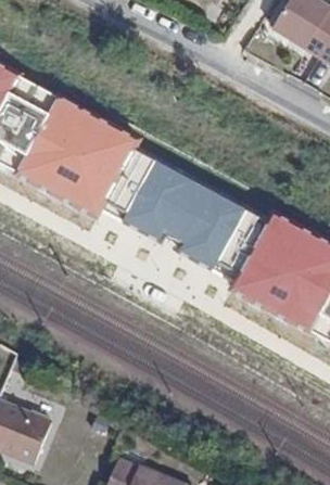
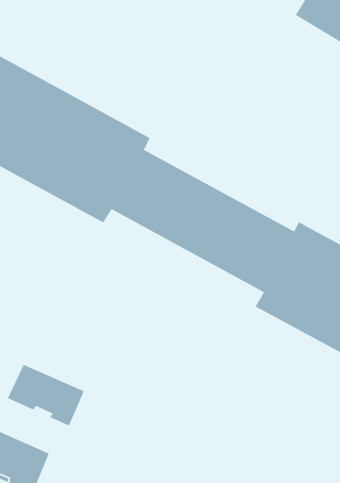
building: none -> [7,364,85,426]

